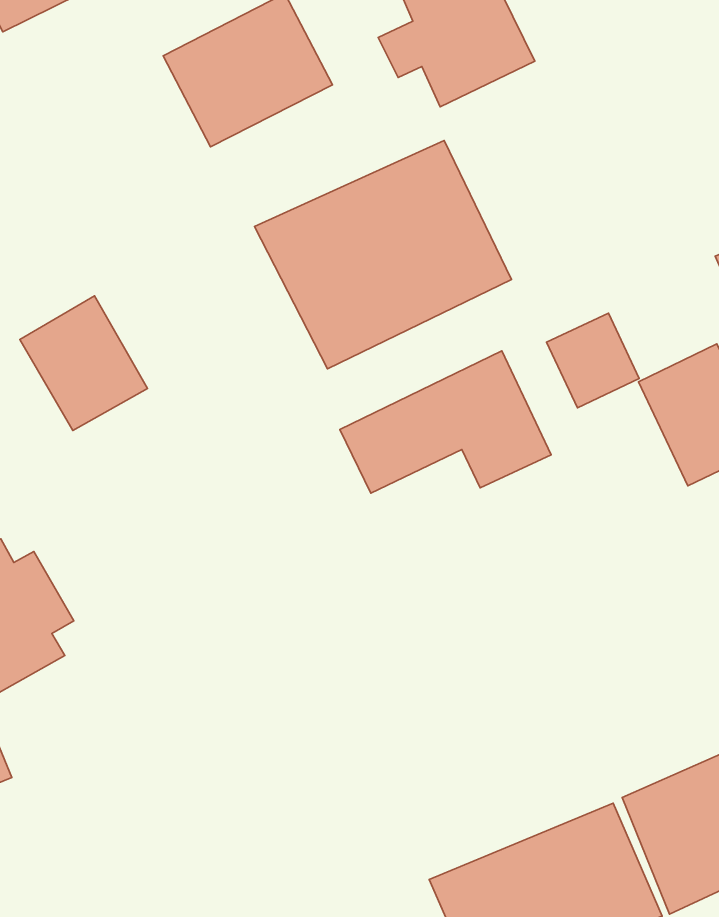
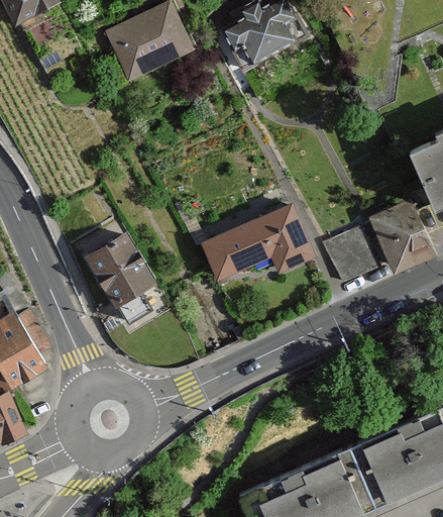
building: [255,140,512,369] -> none
building: [20,296,147,431] -> [82,230,152,305]
building: [546,313,639,408] -> [325,228,376,281]

